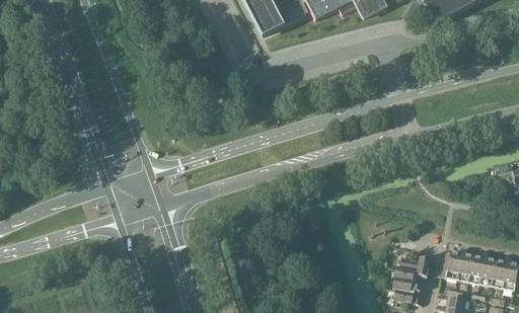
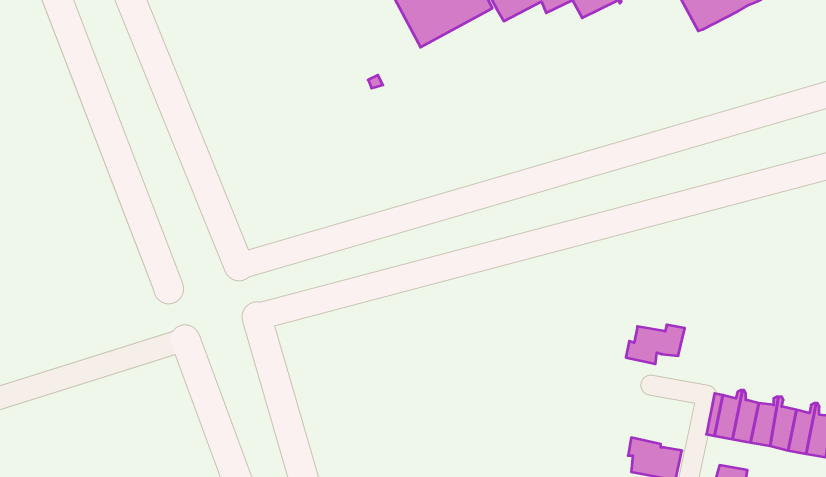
building: [394,255,431,280] -> [626,325,685,364]

